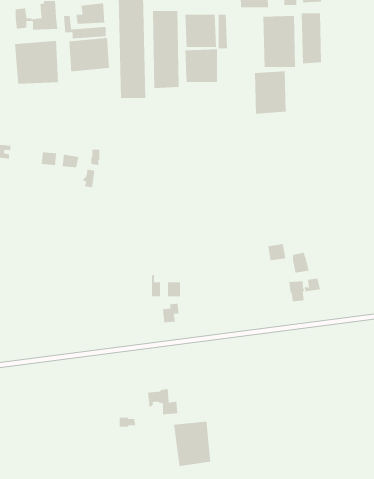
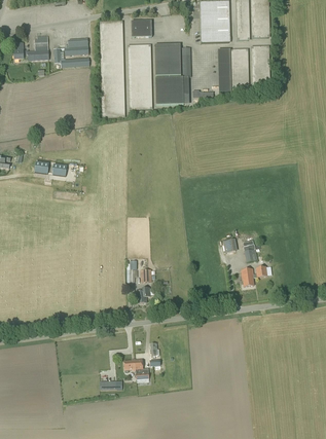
building: [69,37,110,72] -> none
building: [14,40,59,85] -> none
building: [255,70,286,114] -> none
building: [174,421,211,467] -> none

